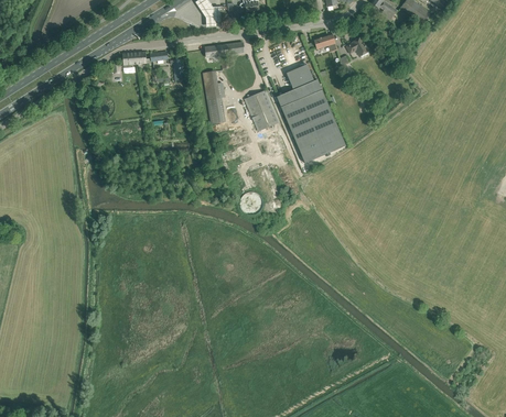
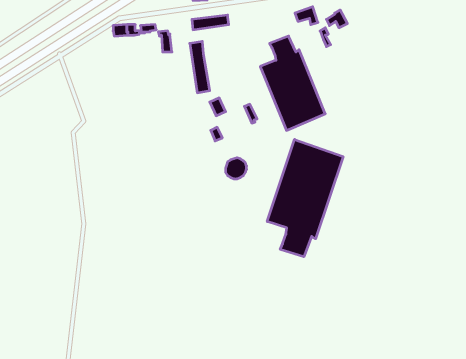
building: [245,89,280,130] -> none
building: none -> [267,139,343,257]

